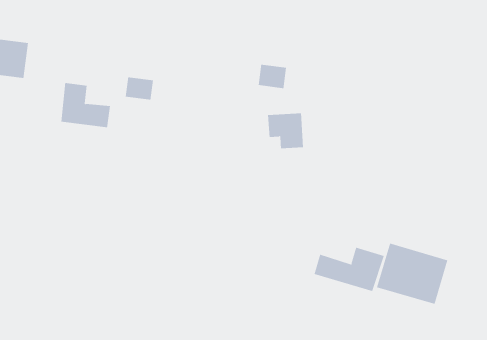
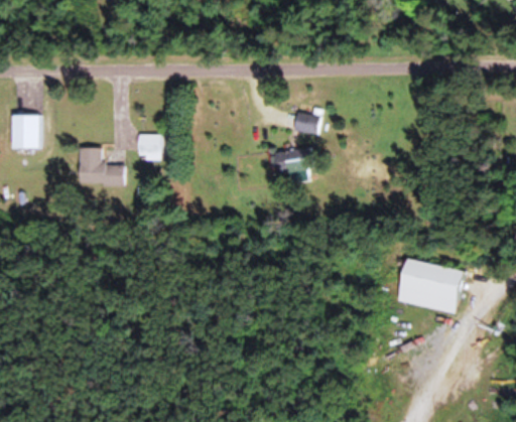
building: [258,64,287,89] -> [295,114,320,134]
building: [314,247,385,292] -> none

